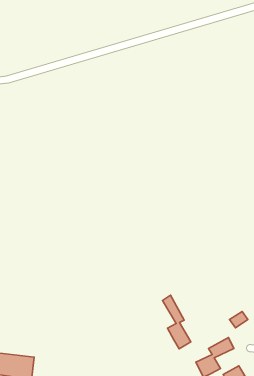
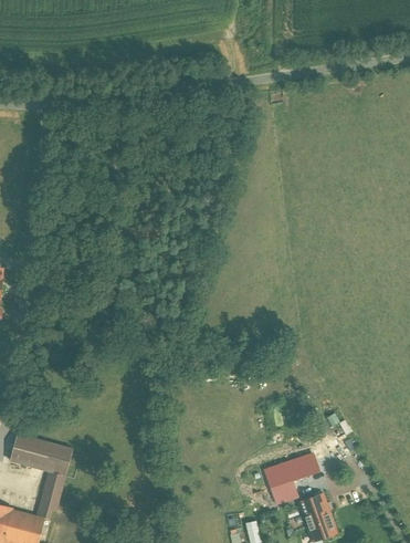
building: [162,295,191,349] -> none

